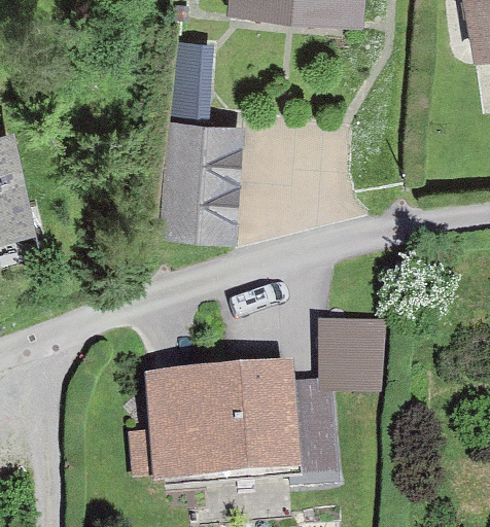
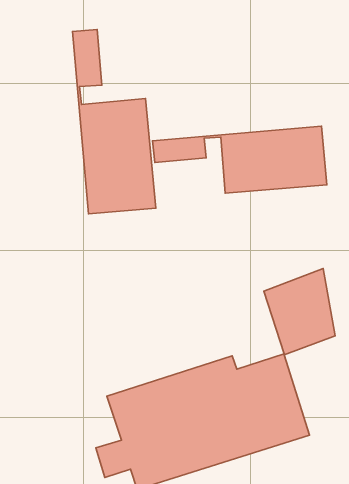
building: none -> [153,126,327,193]

